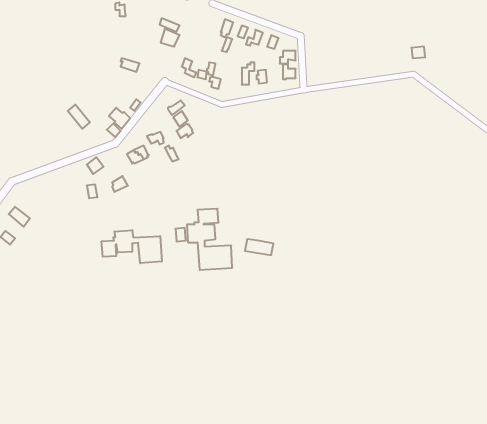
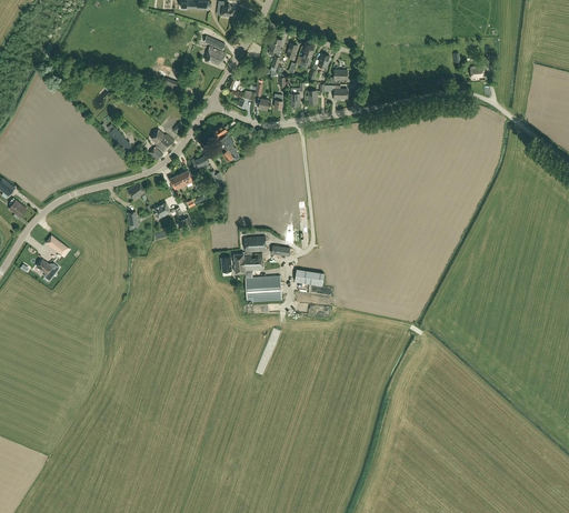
building: [102,230,162,263] -> none

